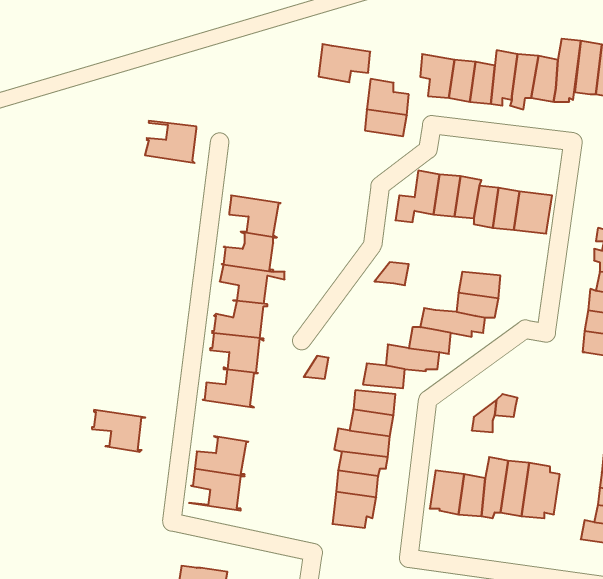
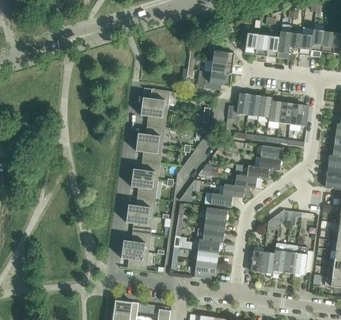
building: [319,44,370,82] -> [204,70,231,90]
building: [145,121,196,163] -> [141,87,168,109]
building: [92,410,145,452] -> [125,212,153,234]

